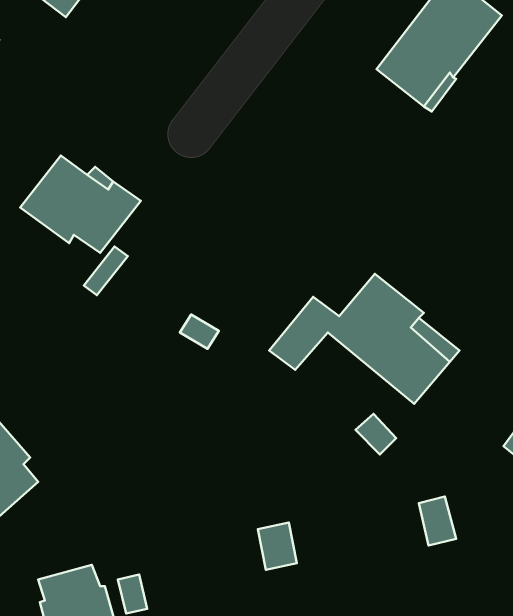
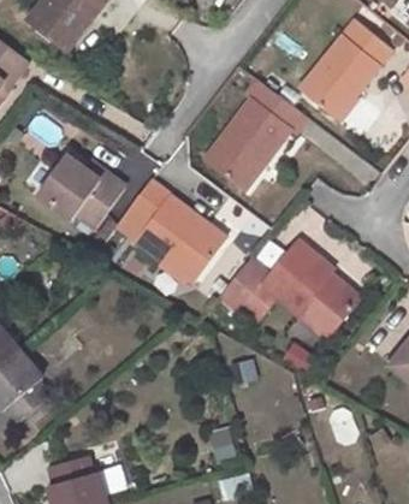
building: none -> [204,79,306,189]
building: none -> [117,180,226,280]

